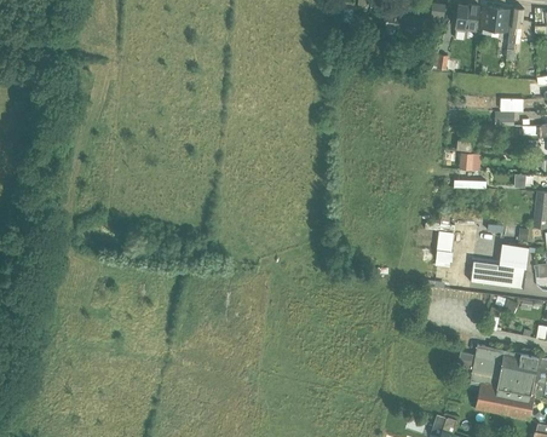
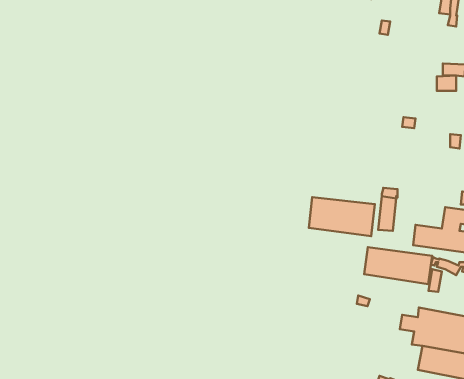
building: none -> [309,197,375,236]
building: none -> [364,247,432,284]

